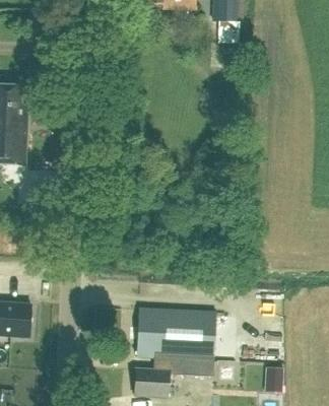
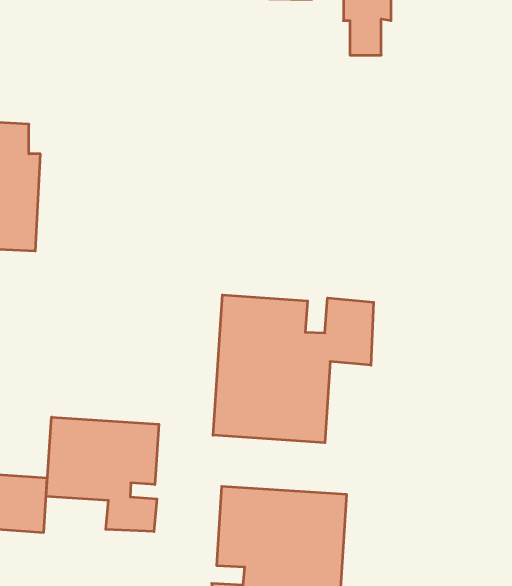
building: none -> [213,295,374,443]
building: none -> [46,417,159,532]

